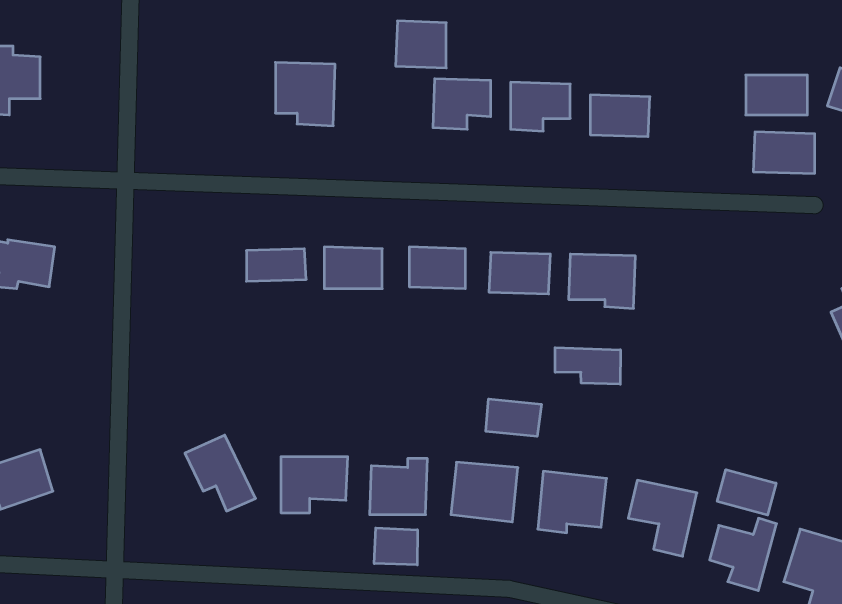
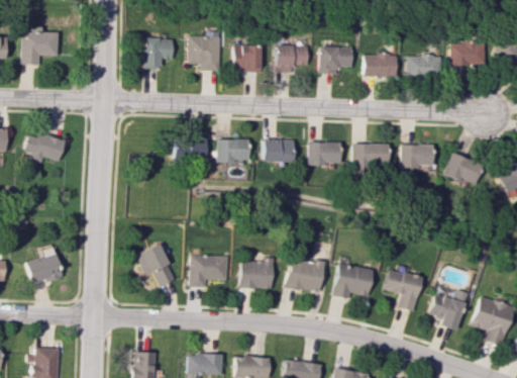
building: [396,21,446,68] -> [233,44,262,71]
building: none -> [142,37,172,69]
building: [753,132,815,173] -> [406,55,440,78]
building: none -> [400,145,433,167]
building: none -> [443,153,482,186]
building: [555,348,620,384] -> none
building: [486,399,541,436] -> none
building: [717,470,776,515] -> none
building: [374,528,417,565] -> none

